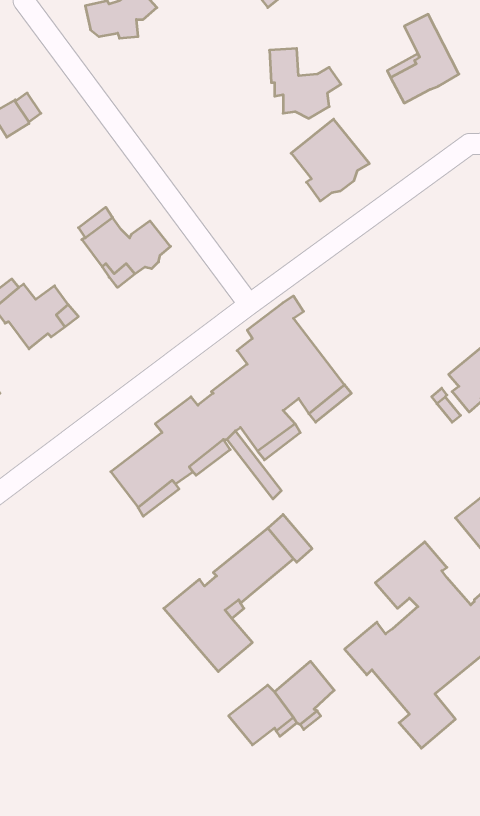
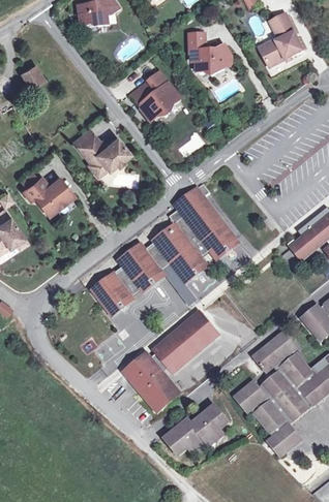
building: [291,119,369,201] -> [133,72,181,122]

